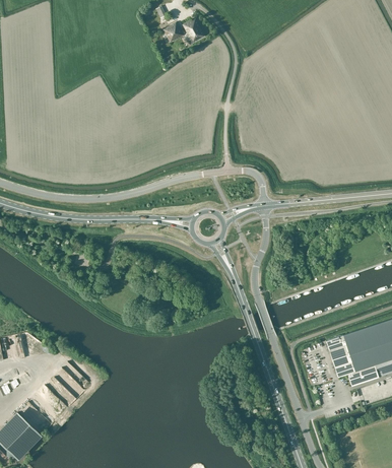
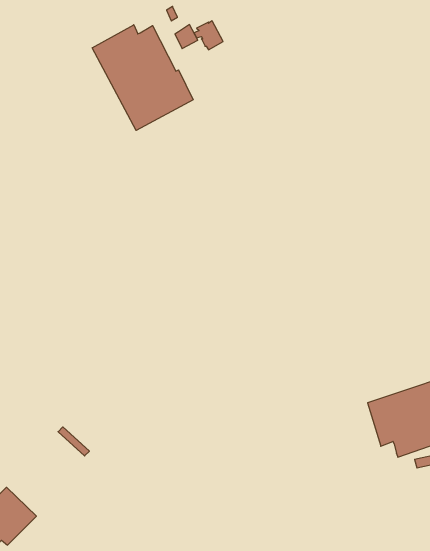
building: none -> [92,25,193,130]

